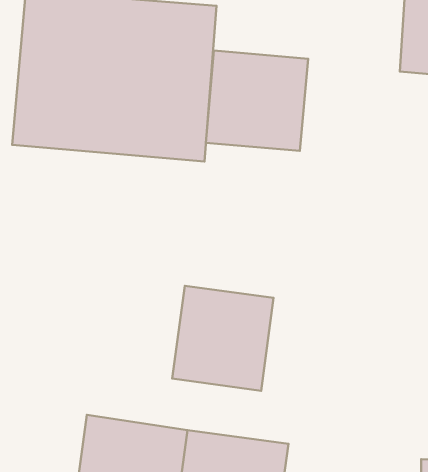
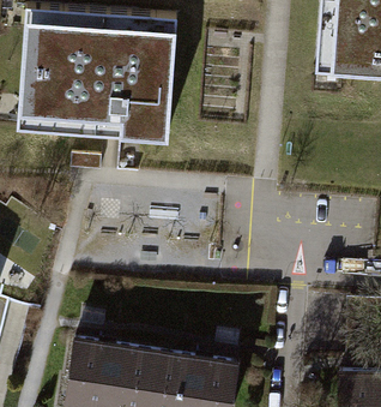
building: [206,51,308,151] -> none
building: [172,286,274,391] -> none

